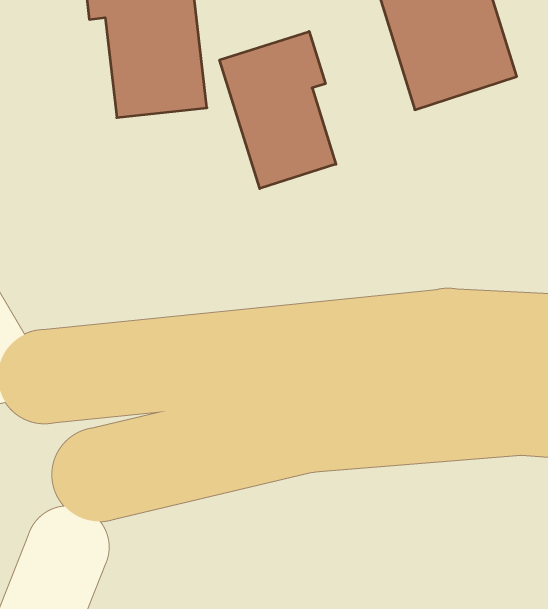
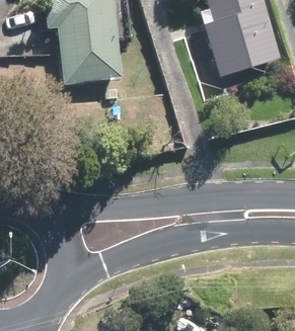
building: [220,31,336,189] -> none

